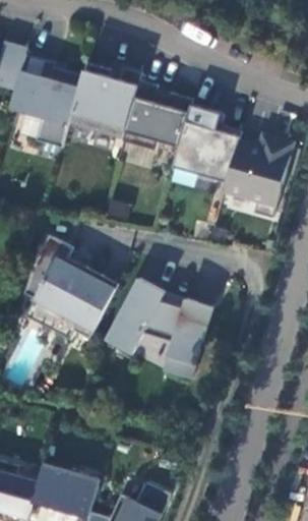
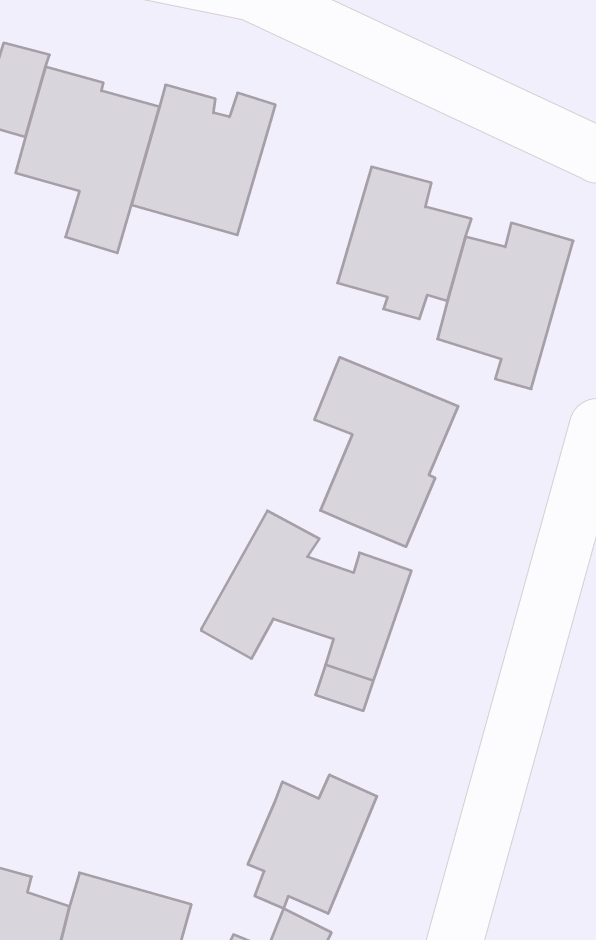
building: [122,80,192,150] -> none
building: none -> [315,357,458,547]
building: [24,235,118,339] -> none
building: none -> [248,775,377,914]

